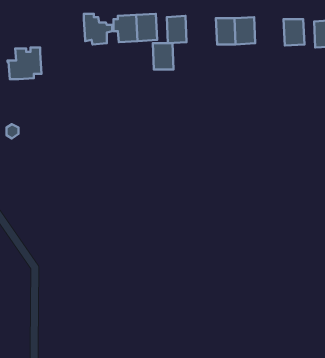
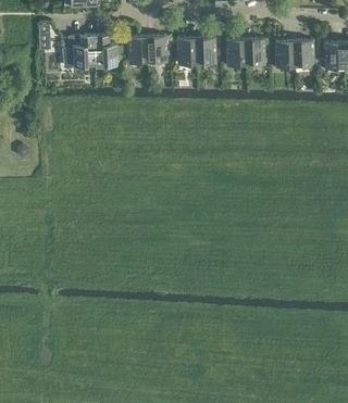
building: none -> [275,40,295,67]
building: [153,43,173,70] -> [196,37,216,63]
building: [8,48,41,79] -> [62,35,96,66]

